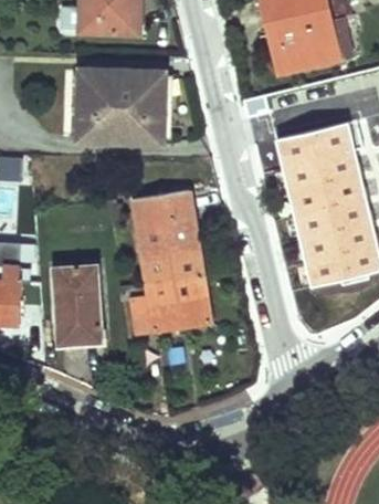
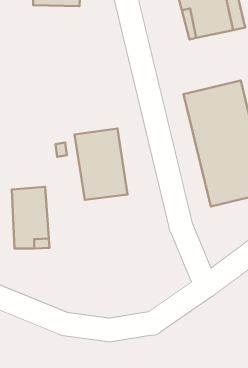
building: [78,69,164,141] -> none
building: [131,272,210,329] -> none

